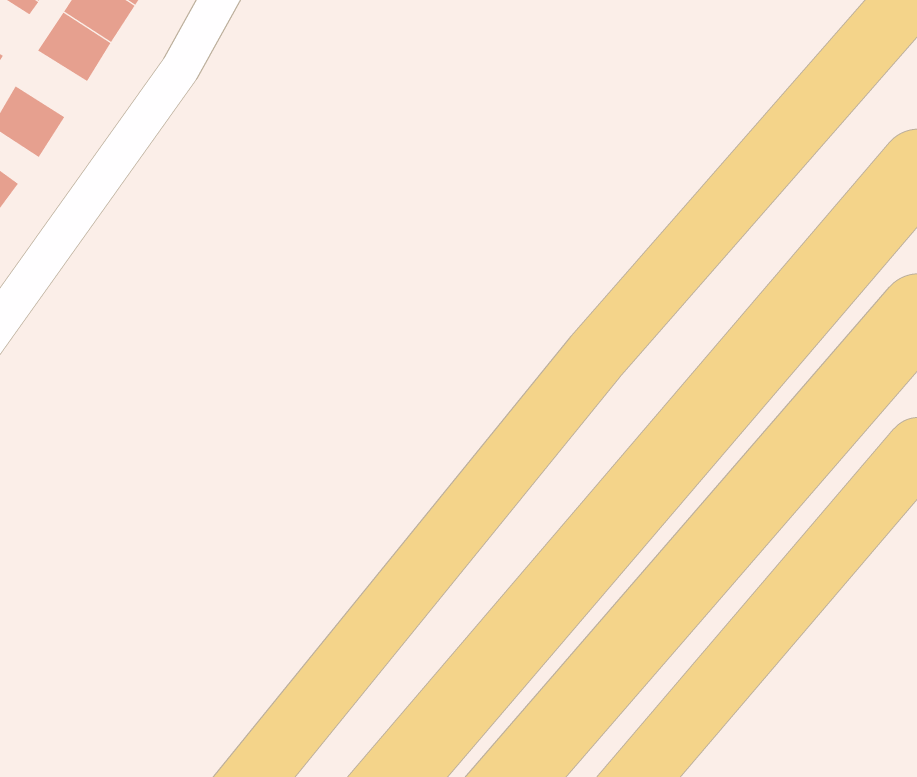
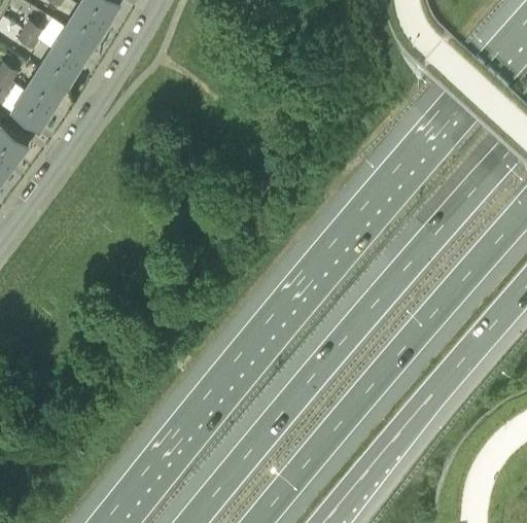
building: none -> [25,72,65,109]

